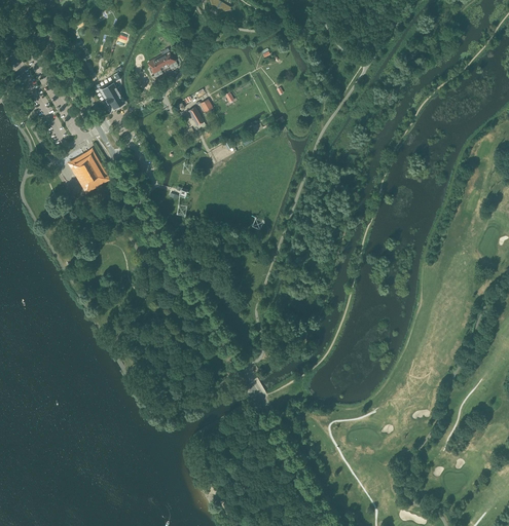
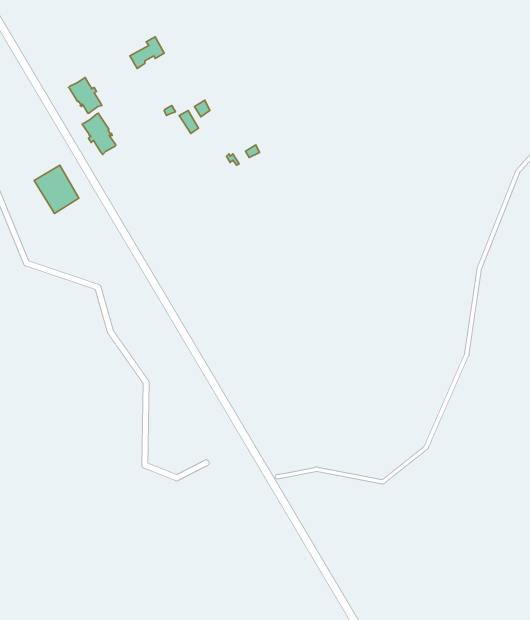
building: none -> [82,113,116,155]

